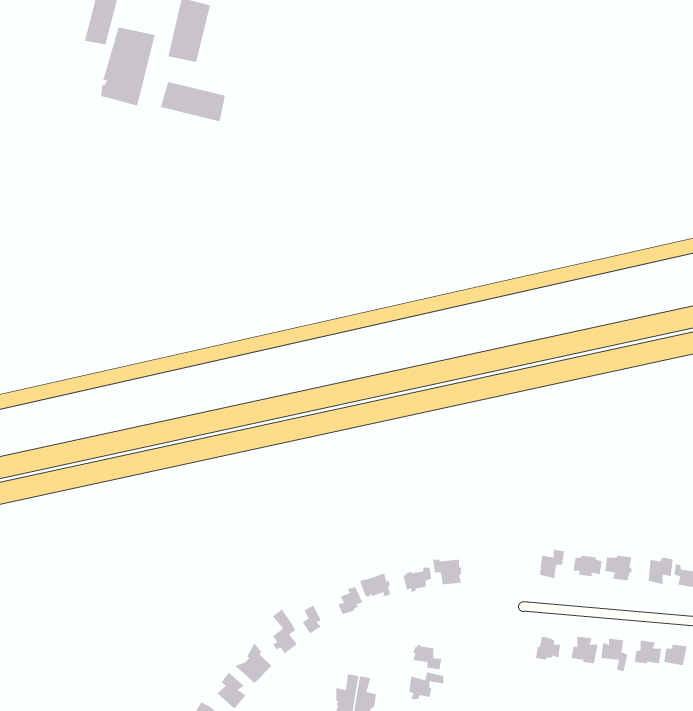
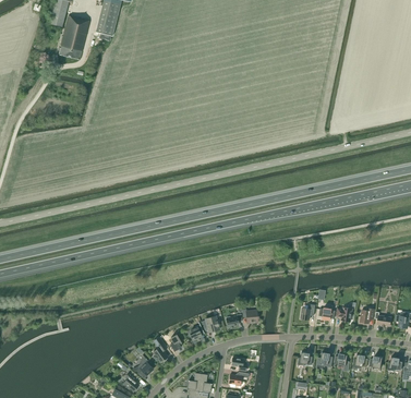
building: [160,81,225,122] -> none

